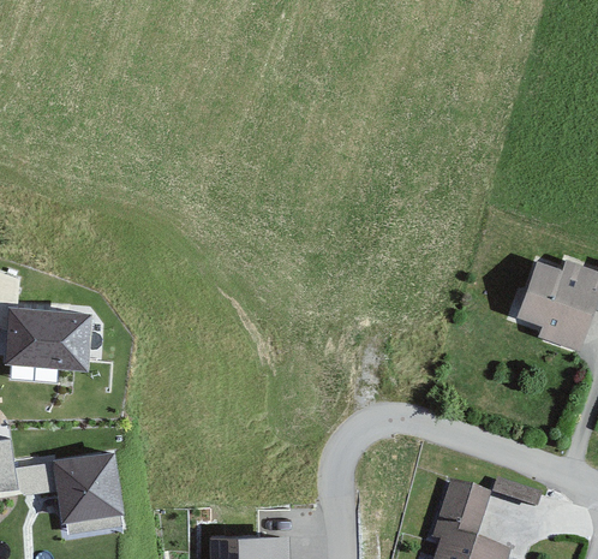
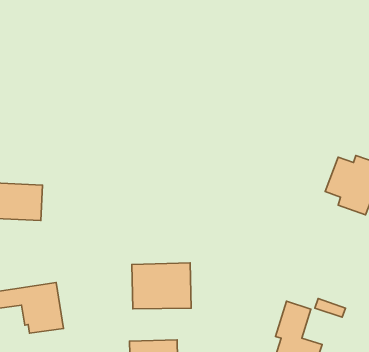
building: none -> [132,263,191,309]

